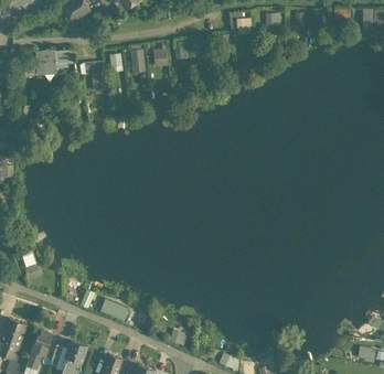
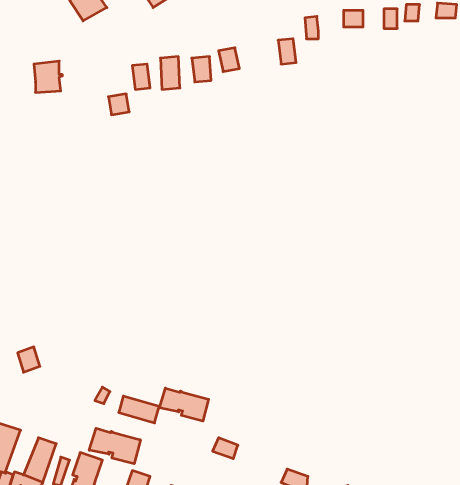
building: none -> [159,388,209,421]
building: none -> [89,428,140,464]

